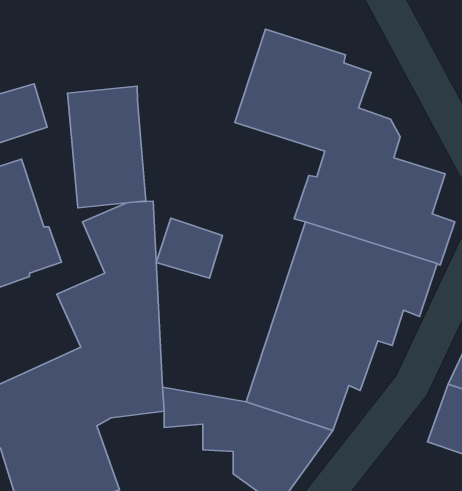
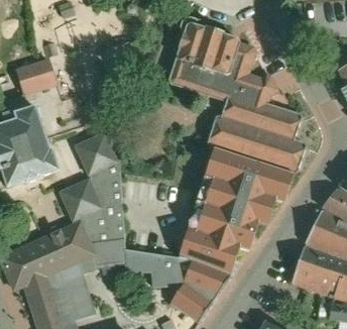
building: [68,86,146,208] -> none
building: [156,218,223,278] -> none

